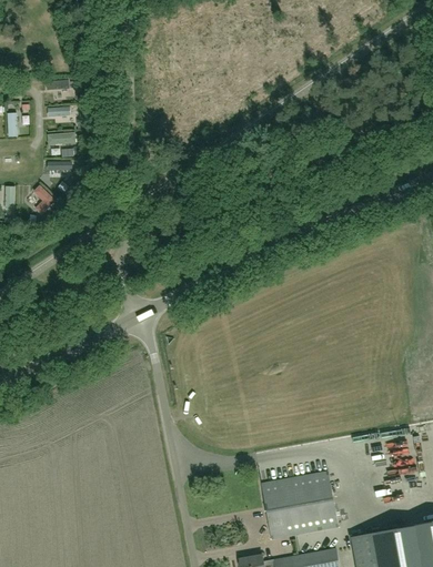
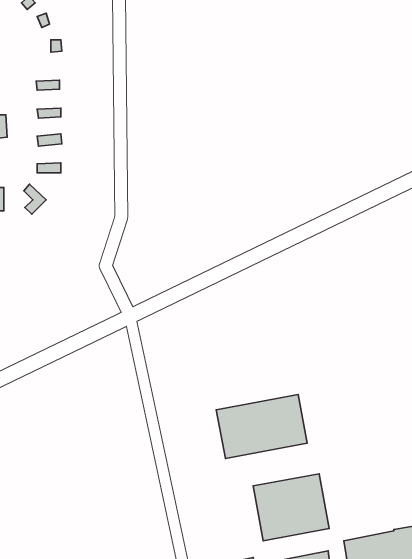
building: none -> [216,395,307,458]

